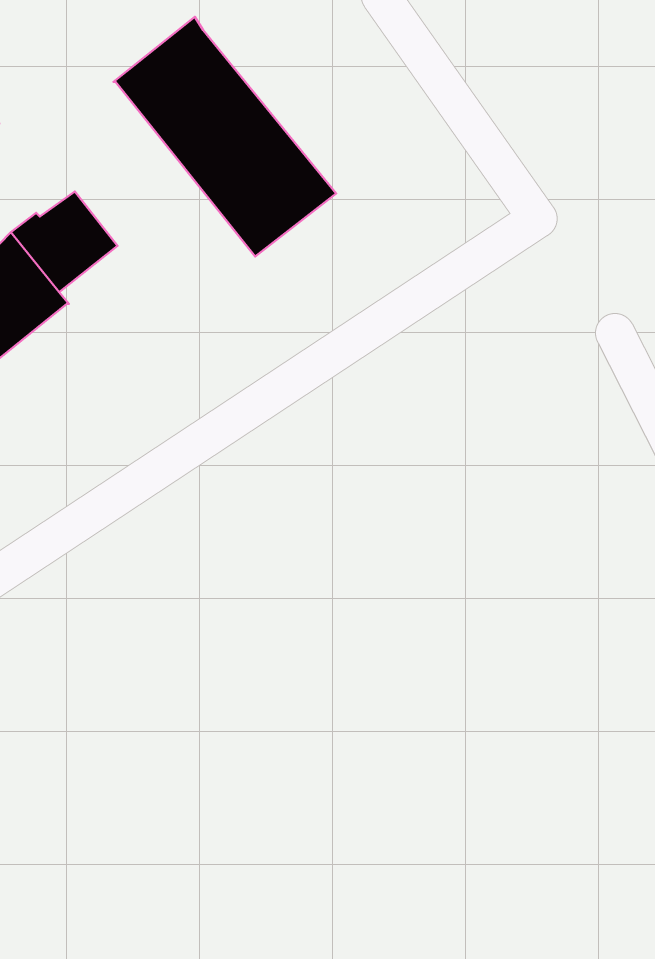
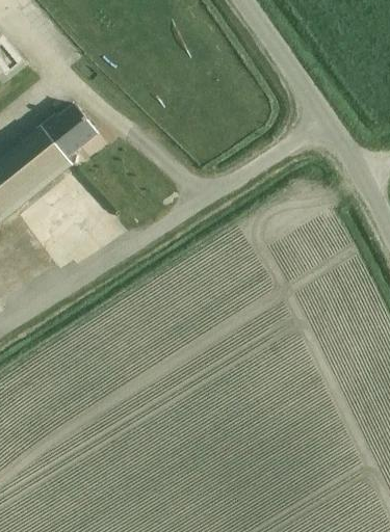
building: [113,17,336,256] -> none

